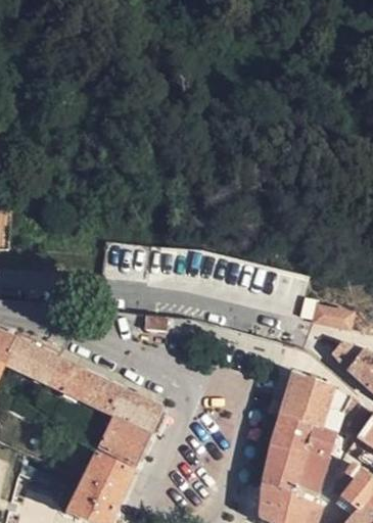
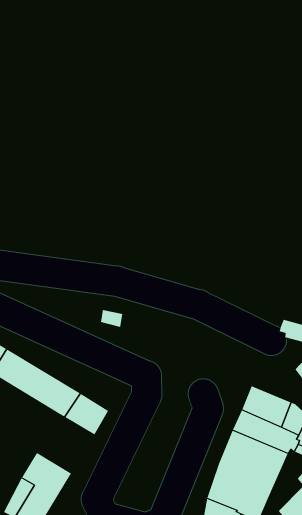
building: [97,417,149,467] -> none

